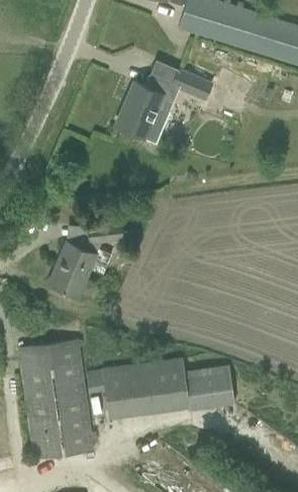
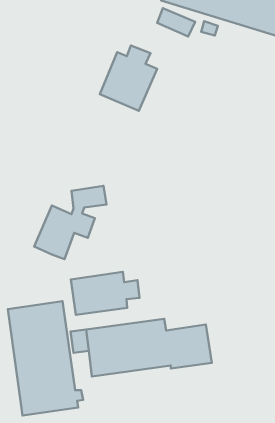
building: [174,70,213,99] -> [157,8,195,36]
building: none -> [71,272,139,315]

